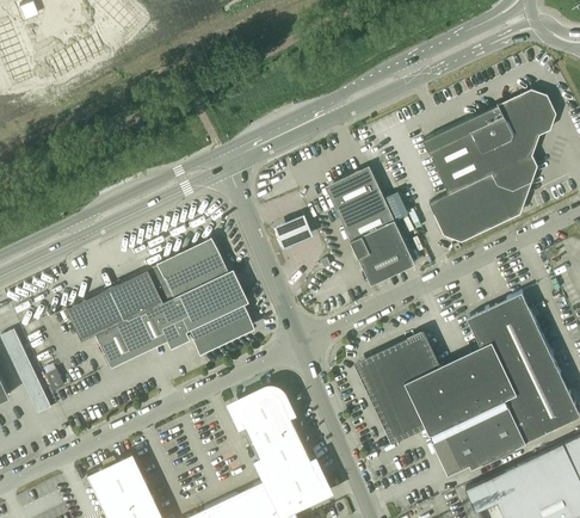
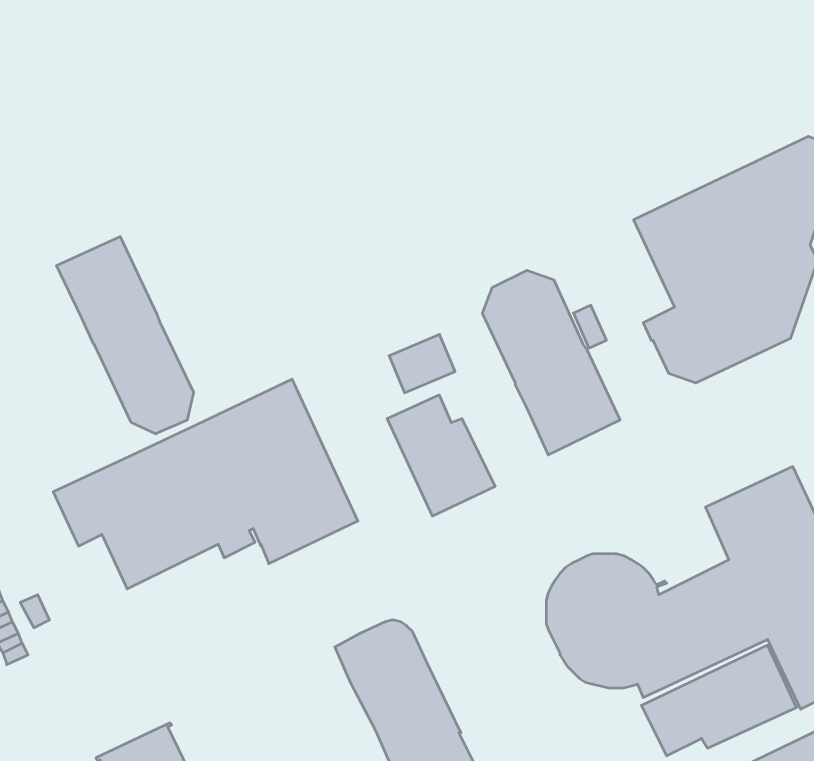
building: none -> [56,237,194,434]
building: none -> [387,395,495,516]

